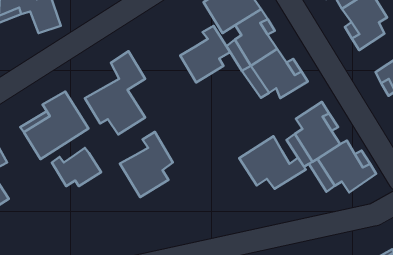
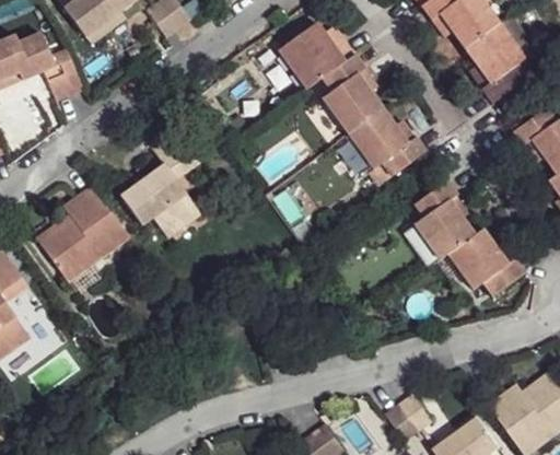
building: [180,26,230,83] -> none
building: [120,132,173,197] -> none
building: [239,136,306,189] -> none
building: [52,148,101,186] -> none

